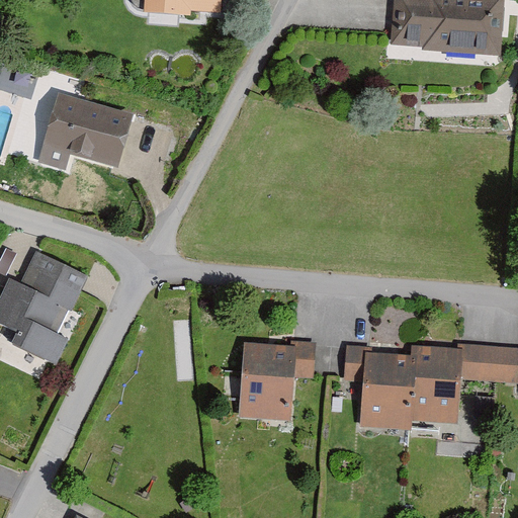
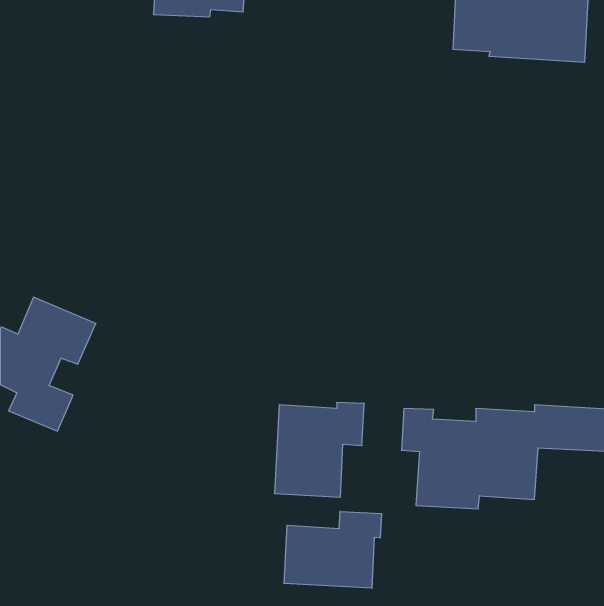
building: [34,93,130,173] -> none
building: none -> [284,511,382,588]

